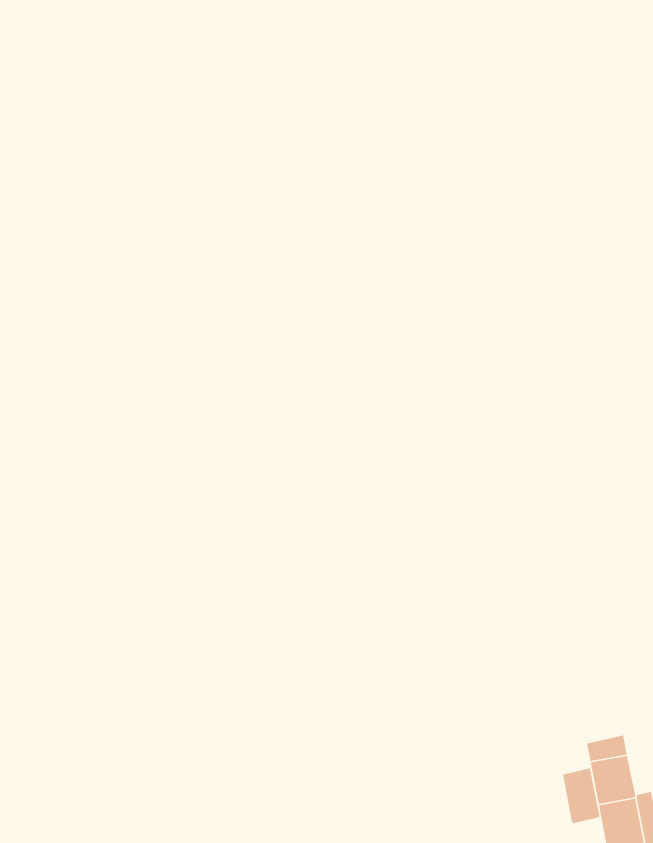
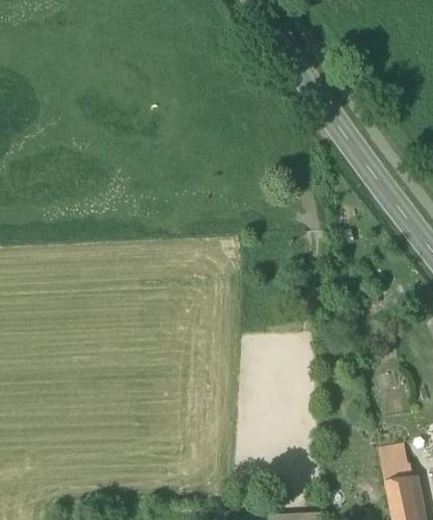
building: [562,768,601,824] -> none

